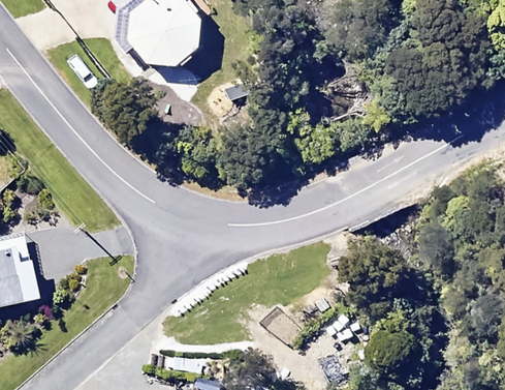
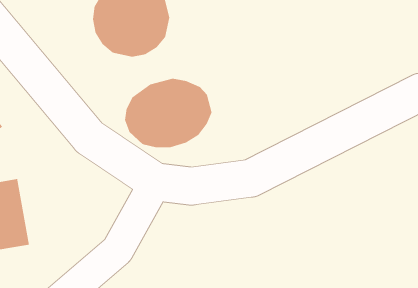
building: none -> [124,78,212,148]

